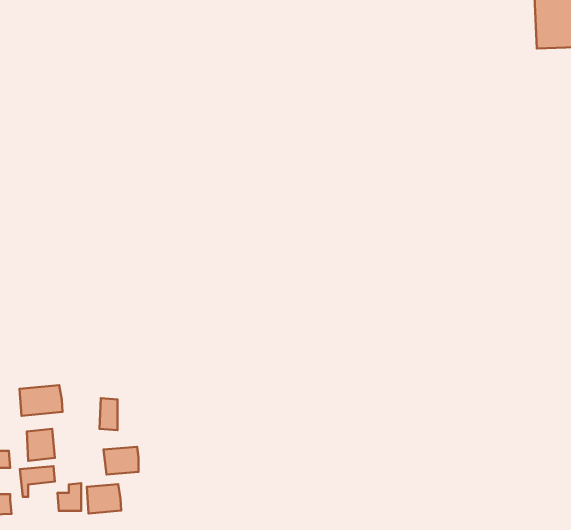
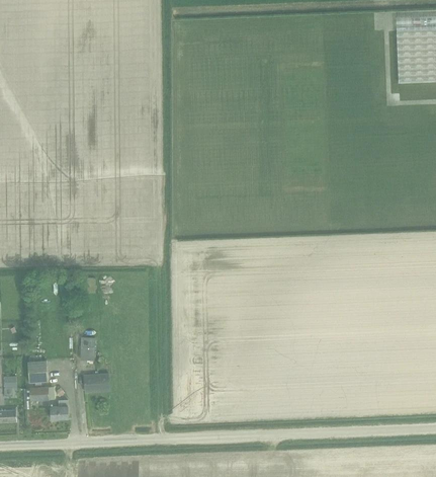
building: [20,385,63,416] -> none
building: [87,484,121,514] -> none

